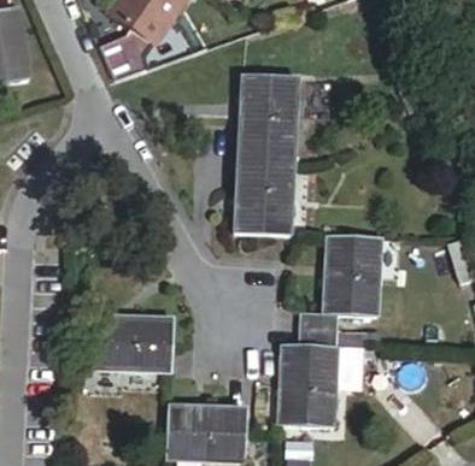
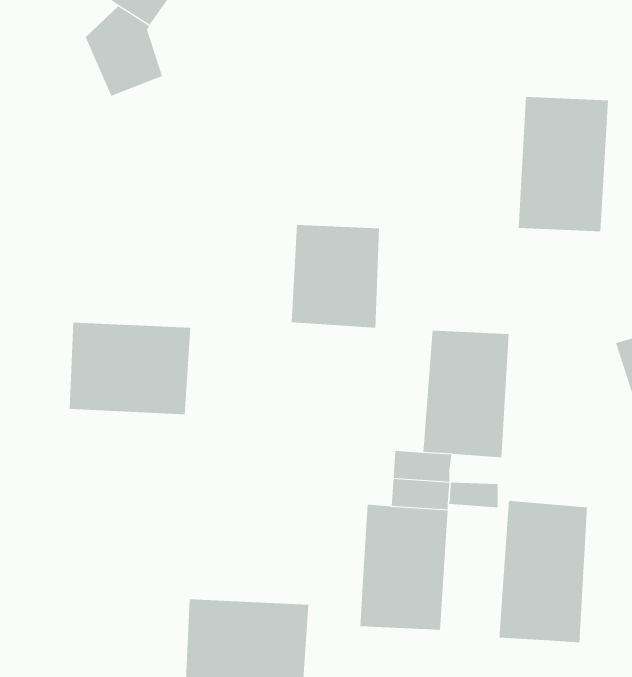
building: [239,81,298,169] -> [518,97,609,232]
building: [94,313,174,373] -> [69,322,191,415]
building: none -> [499,500,587,643]

